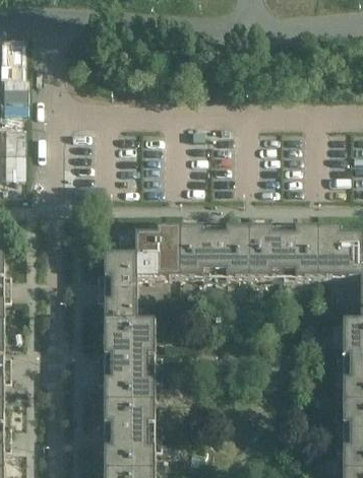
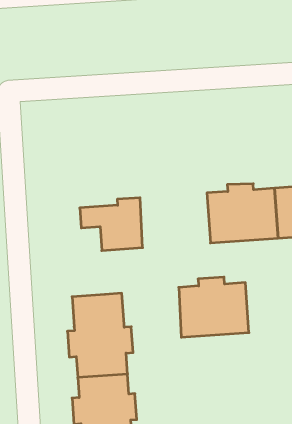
building: [178,219,247,277] -> [179,277,249,337]
building: [96,253,136,322] -> none

